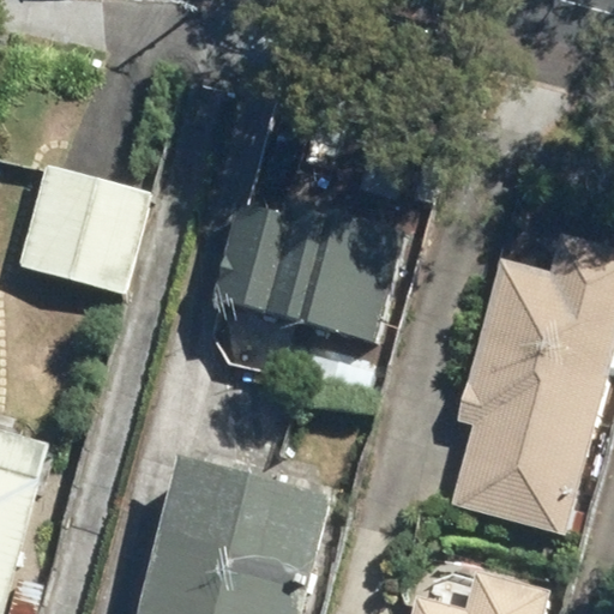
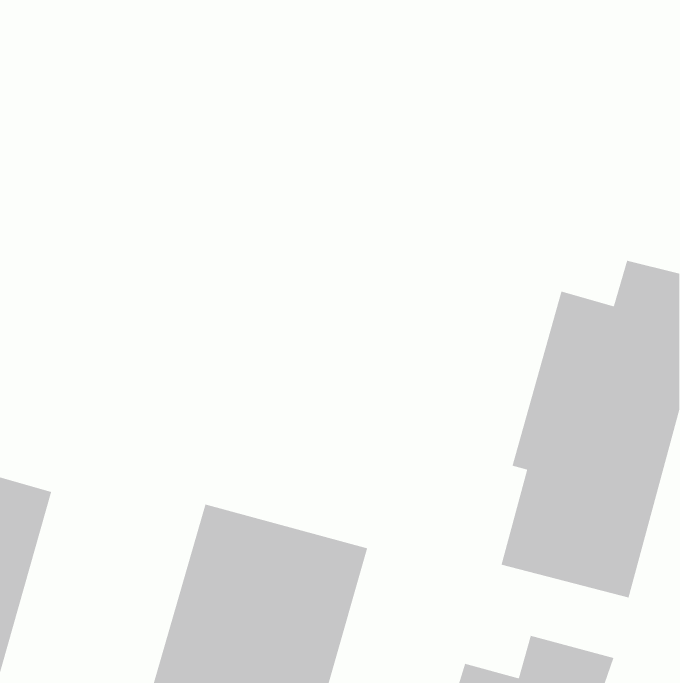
building: [19,162,151,295] -> none
building: [215,198,405,342] -> none

